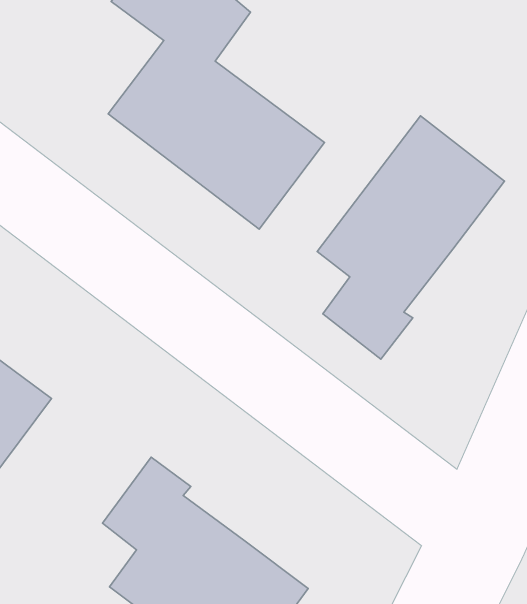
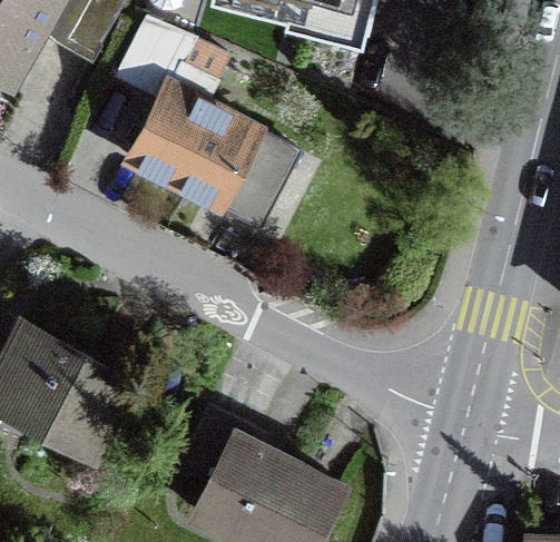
building: [317,116,504,359] -> none

